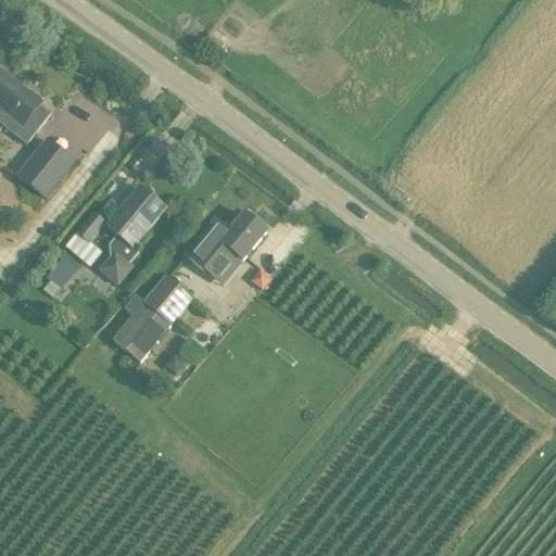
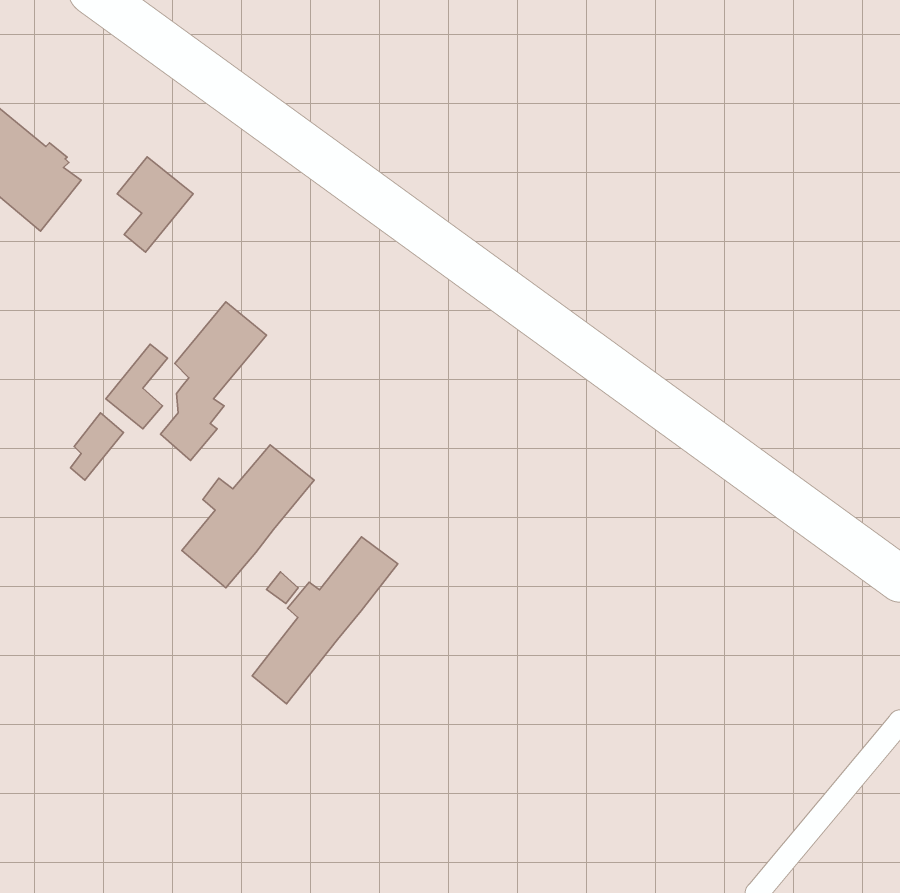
building: [28,139,75,198] -> [117,157,193,252]
building: [187,213,265,275] -> none
building: none -> [252,537,398,704]

